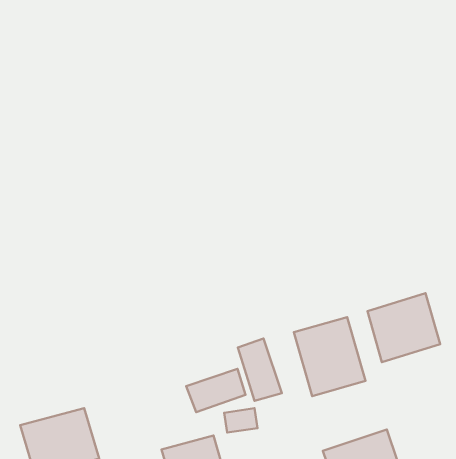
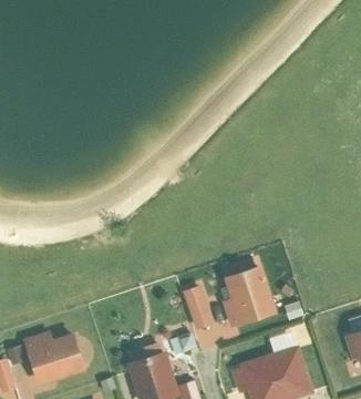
building: [367,293,440,362] -> none
building: [186,369,245,412] -> none

